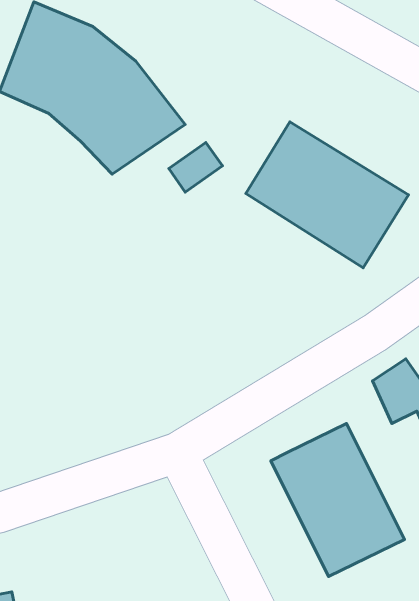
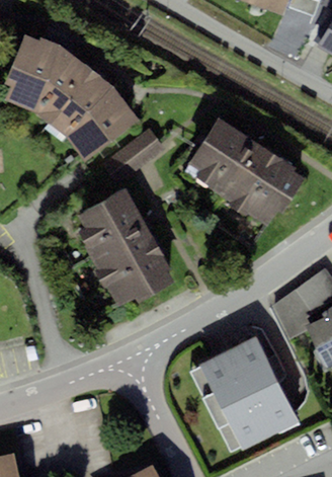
building: none -> [71,190,171,306]

